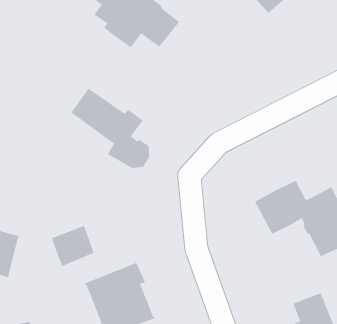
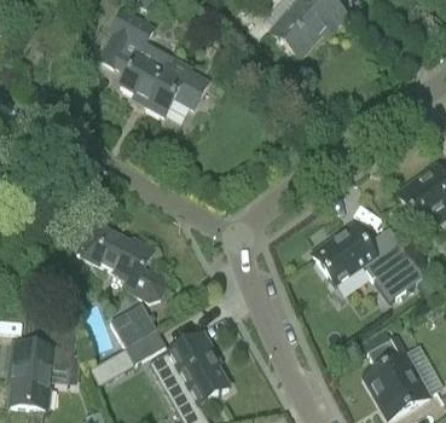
building: [71,88,150,168] -> [77,222,166,299]
building: none -> [89,328,167,384]

